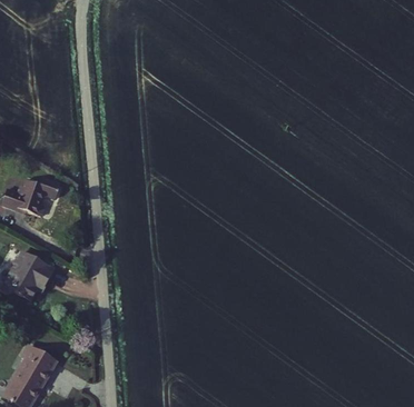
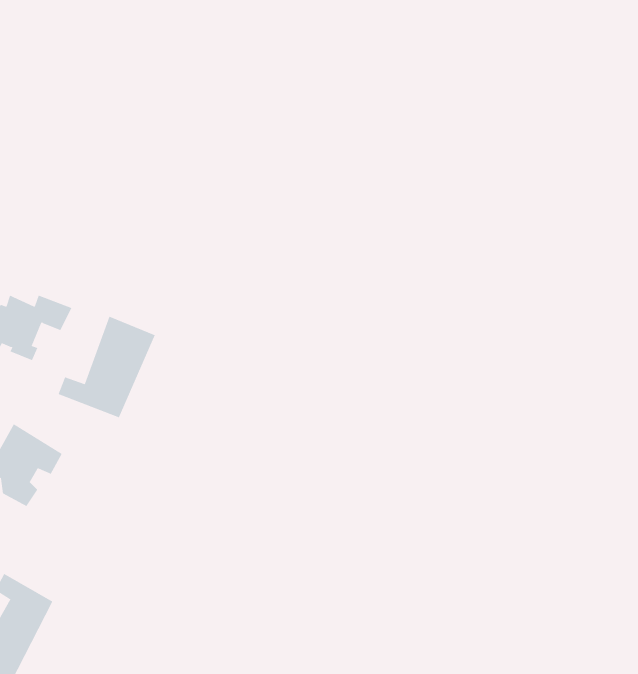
building: none -> [58,316,156,418]

